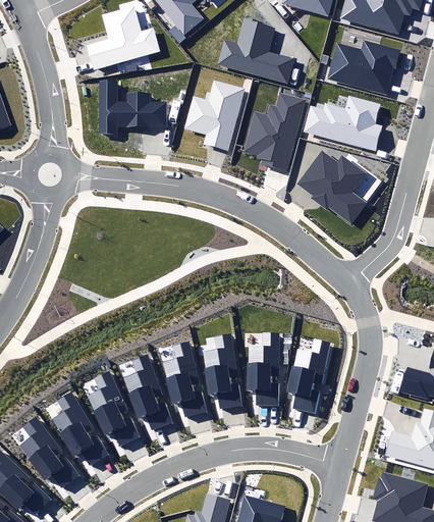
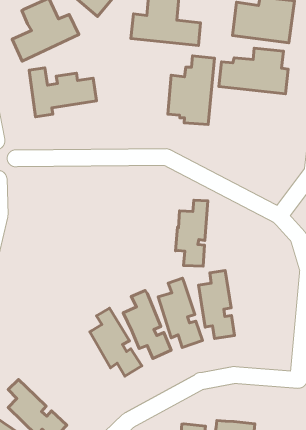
building: [184,81,245,151] -> none
building: [296,150,382,223] -> none
building: [286,340,330,413] -> [175,200,208,266]
building: [87,372,140,446] -> none
building: [52,392,110,467] -> none

